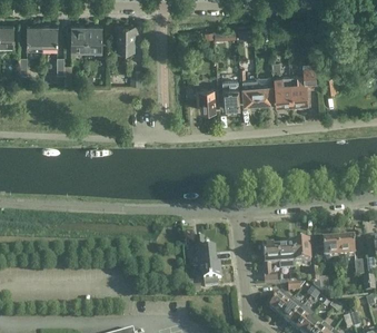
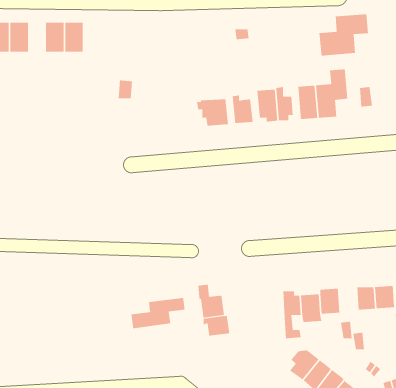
building: none -> [319,13,369,56]
building: [115,28,135,53] -> none
building: none -> [131,297,185,329]

